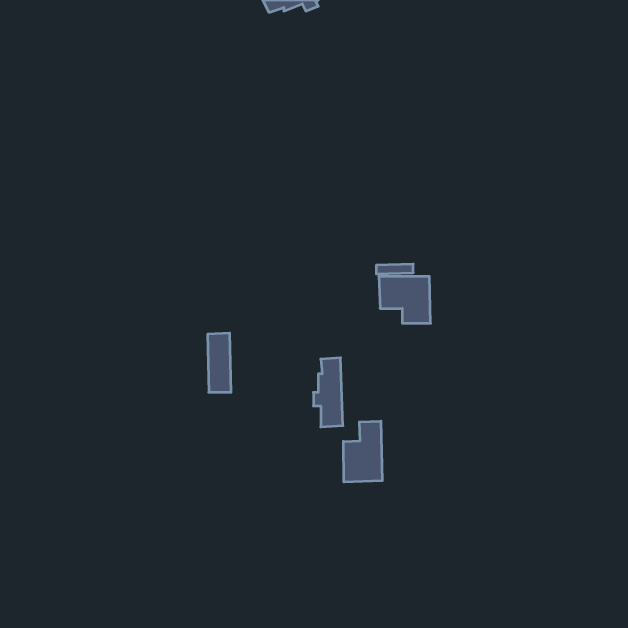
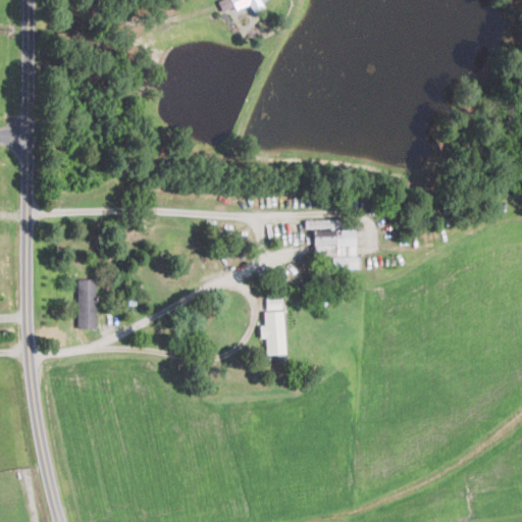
building: [208,333,231,392] -> [79,279,98,328]
building: [343,421,382,482] -> none

